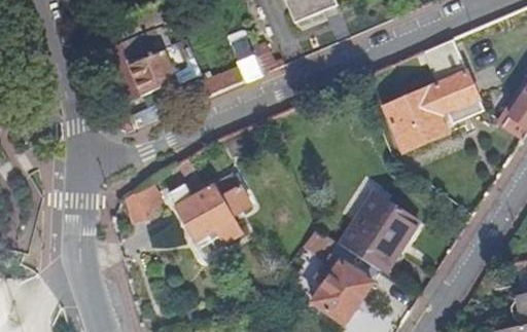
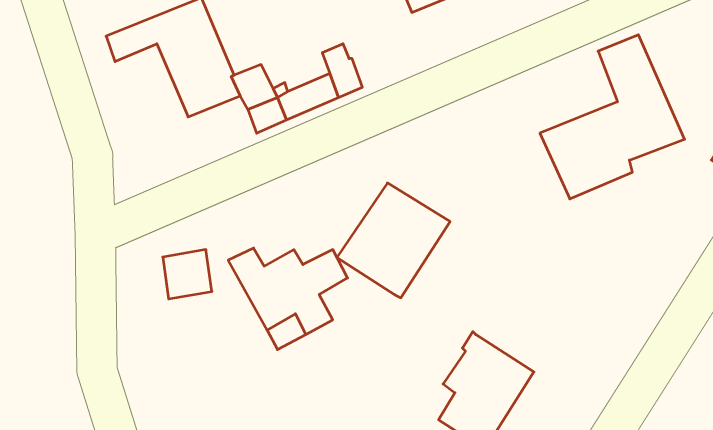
building: [339,192,417,271] -> [337,183,450,298]

